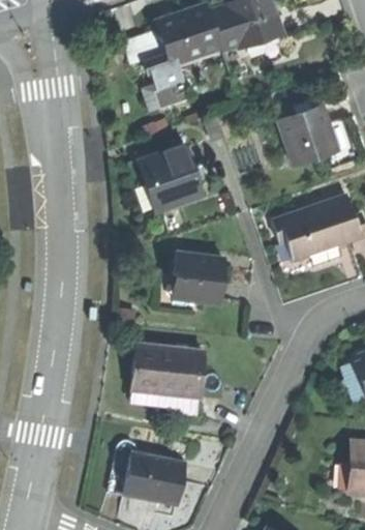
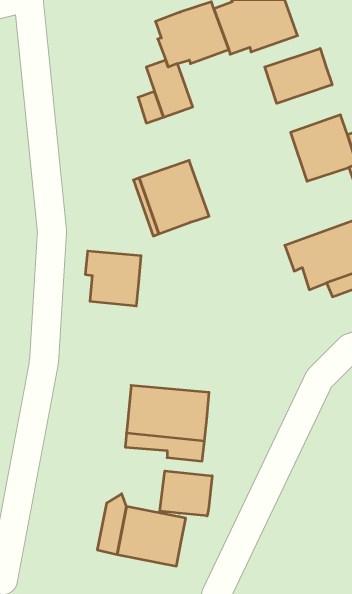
building: none -> [265,48,332,103]
building: [177,253,226,301] -> [85,251,141,306]
building: none -> [160,471,212,516]

